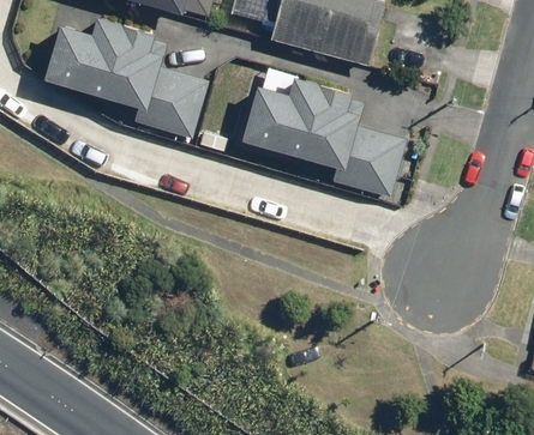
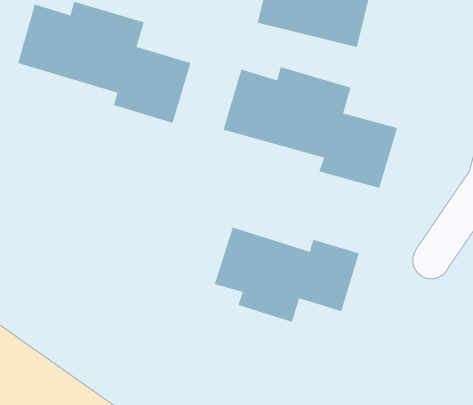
building: none -> [214,227,360,323]

